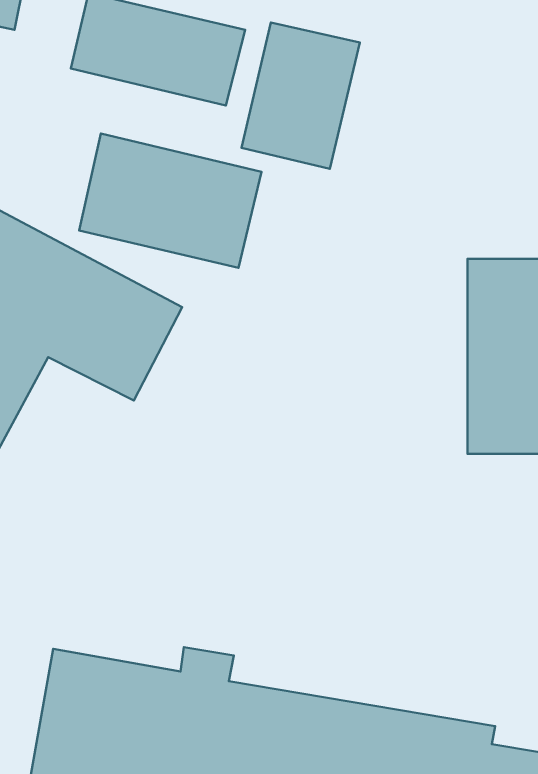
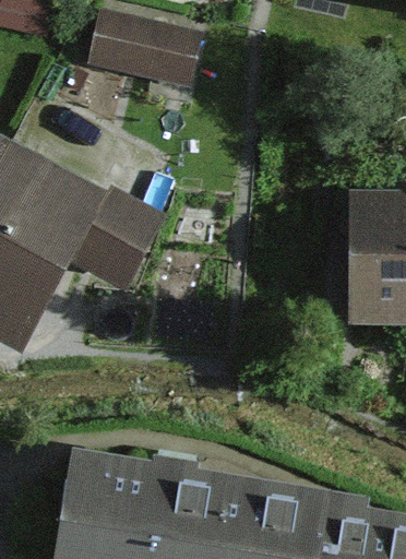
building: [241,23,360,169] -> none
building: [79,134,262,268] -> none

